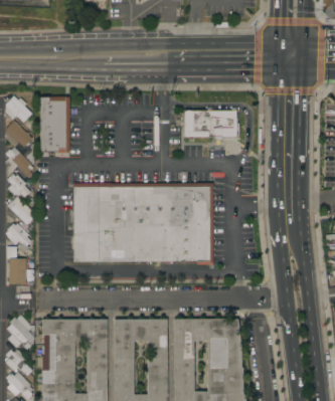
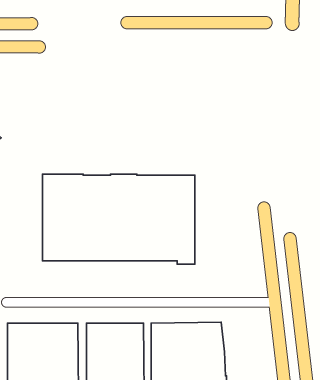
building: [40,97,70,155] -> none
building: [184,111,239,137] -> none

